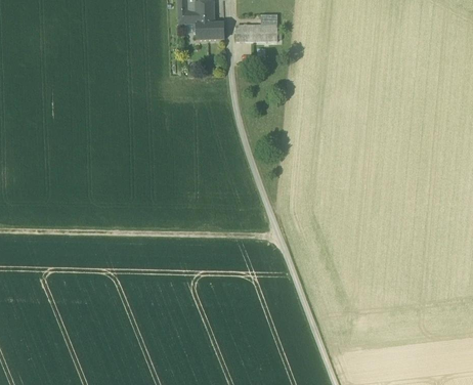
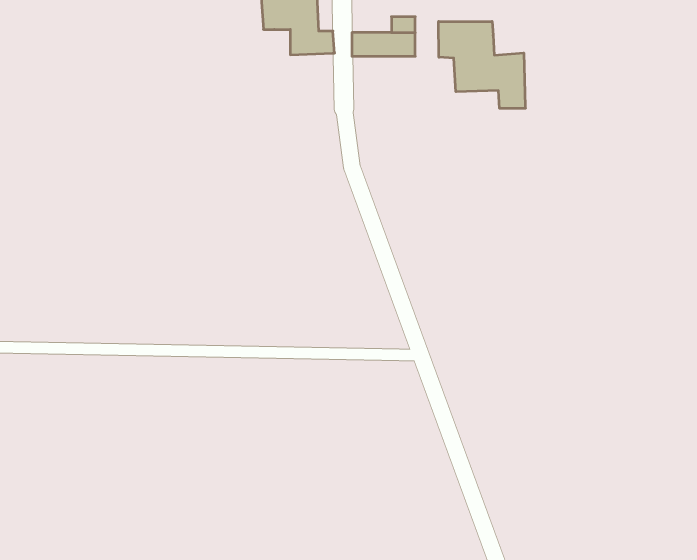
building: none -> [439,21,525,108]

